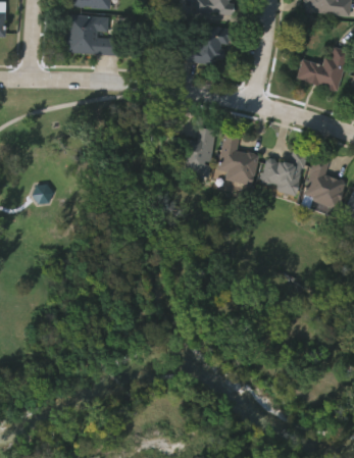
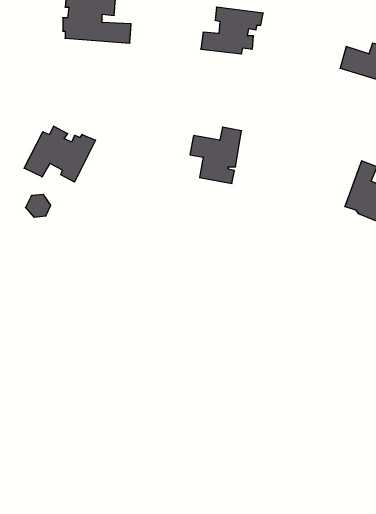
building: none -> [24,126,96,182]
building: [216,131,258,185] -> none
building: [259,148,307,195] -> none

